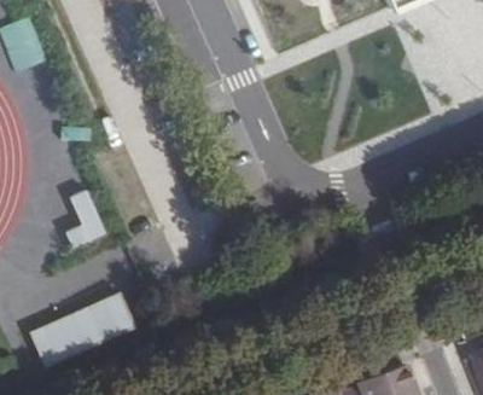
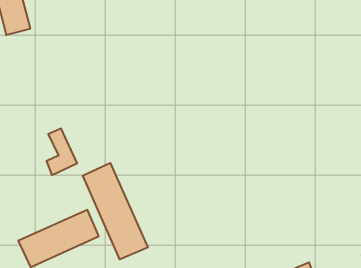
building: none -> [83,163,148,259]

